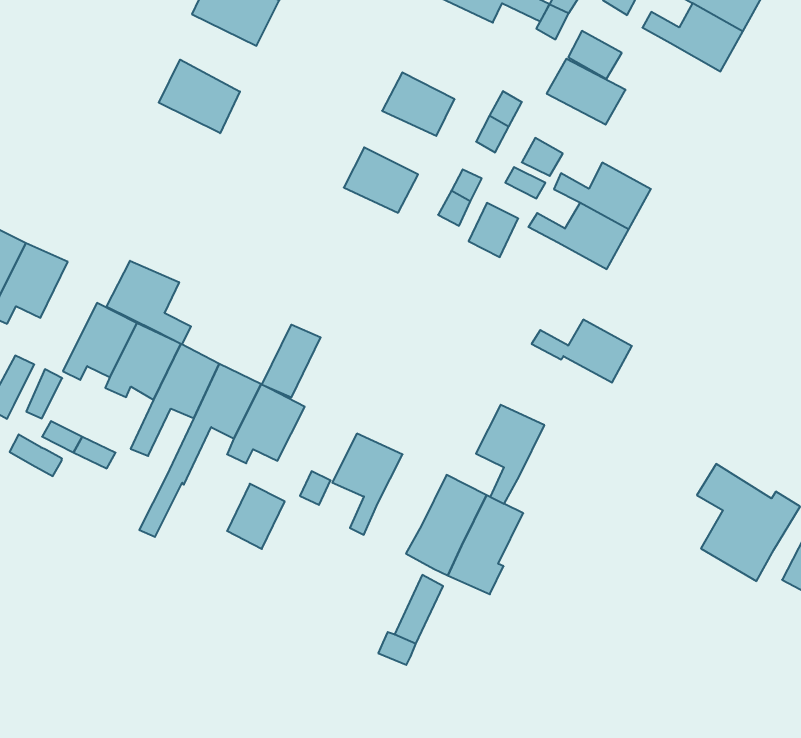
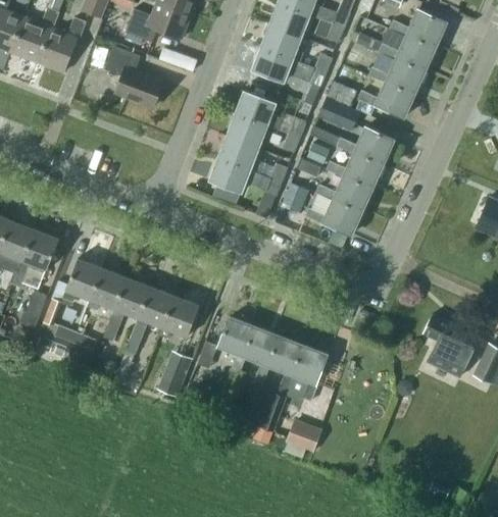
building: none -> [236,91,283,131]
building: none -> [357,84,413,117]
building: [159,60,240,133] -> none
building: none -> [218,137,258,170]
building: none -> [336,126,393,166]
building: [107,261,191,344] -> none
building: [532,320,632,383] -> [304,201,360,235]
building: [262,325,321,398] -> none
building: [476,405,544,504] -> [245,327,282,382]
building: none -> [286,420,321,454]

